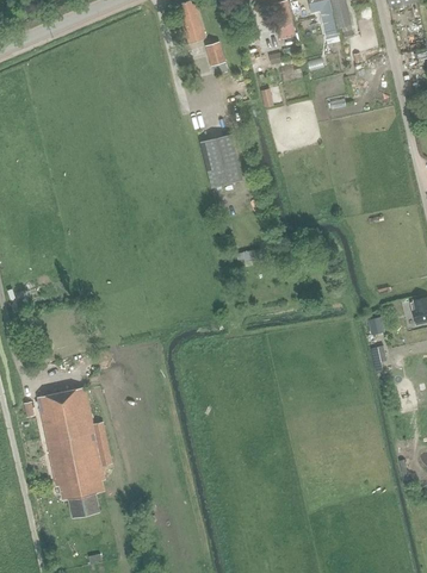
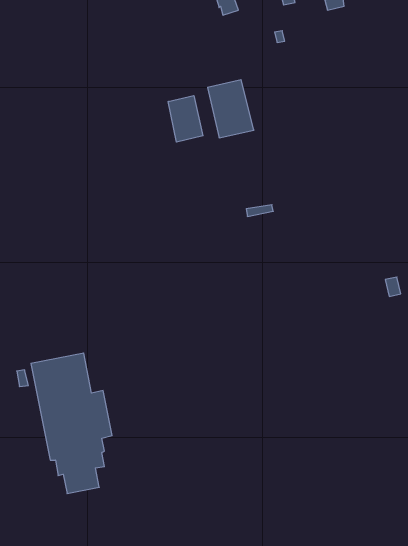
building: none -> [168,96,203,142]

